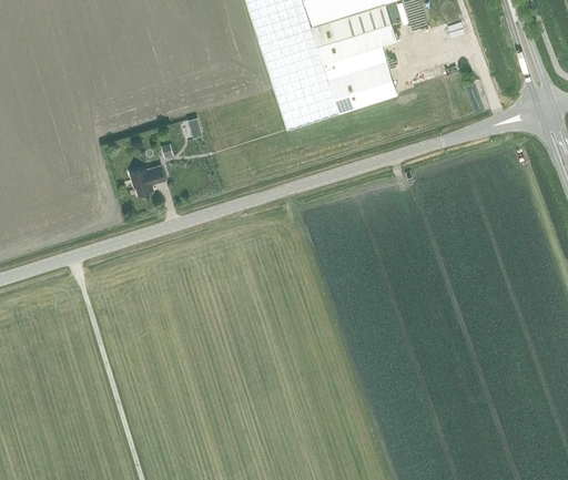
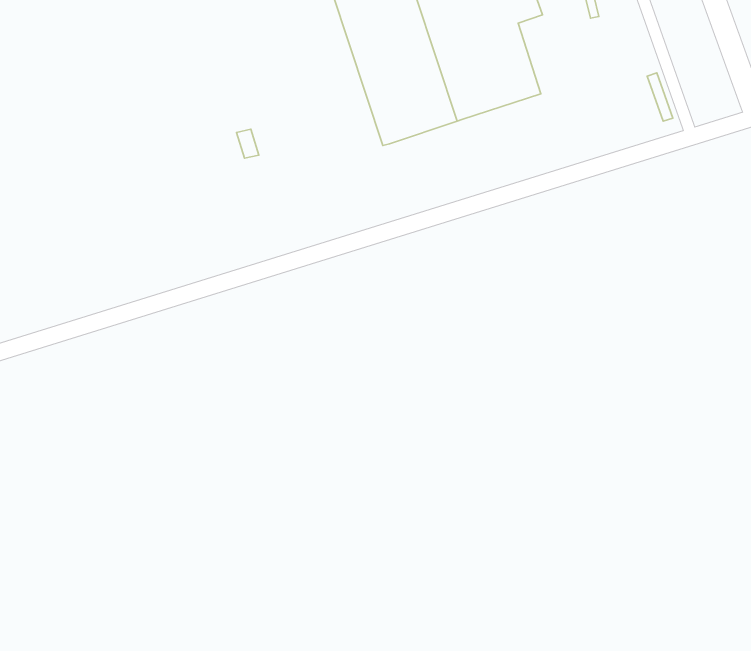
building: [130,166,165,195] -> none

